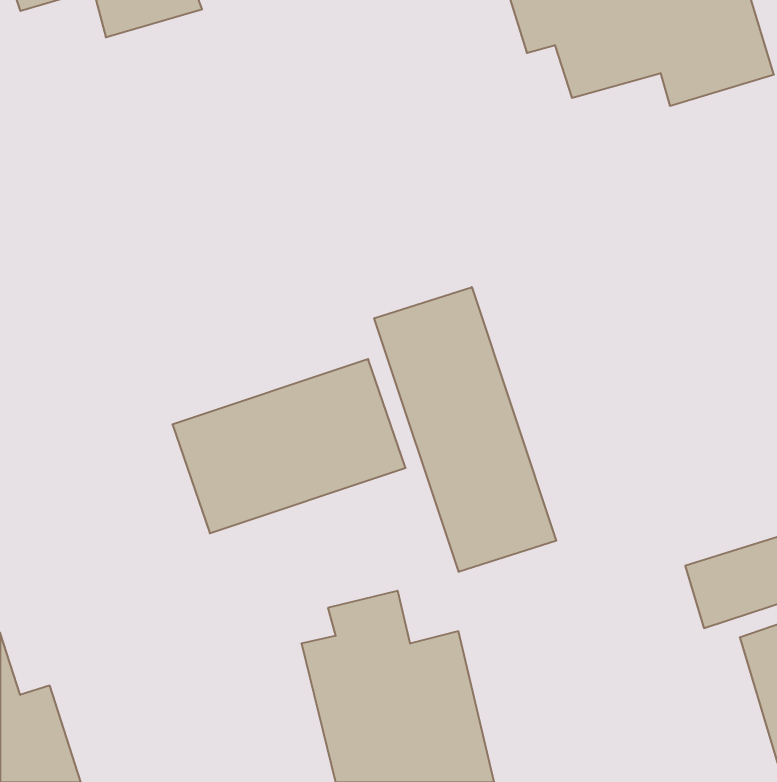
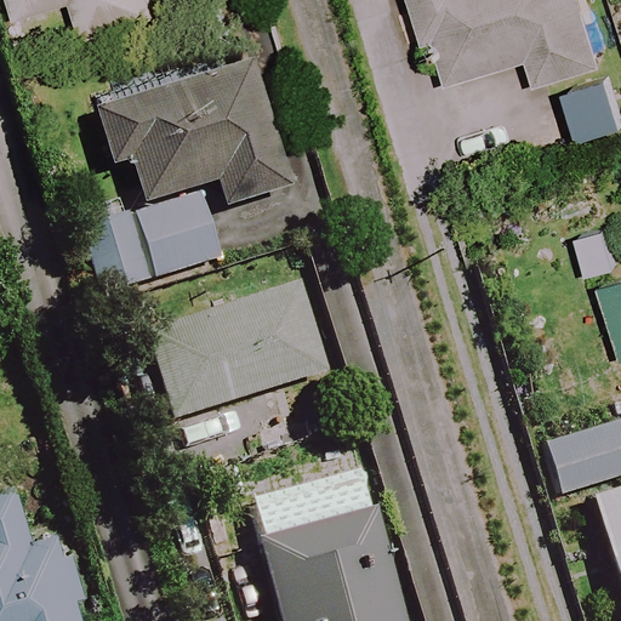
building: none -> [101,61,291,283]
building: [374,287,556,572] -> none

